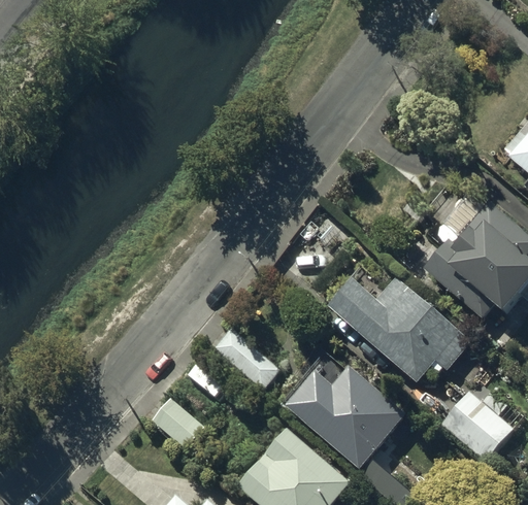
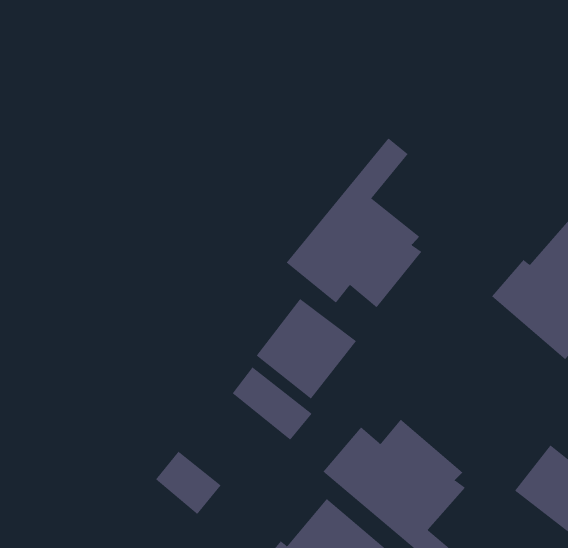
building: none -> [286,138,422,308]
building: none -> [256,298,357,399]
building: [330,278,468,382] -> none

